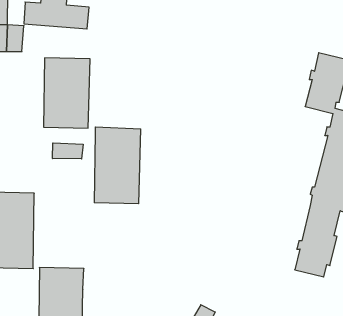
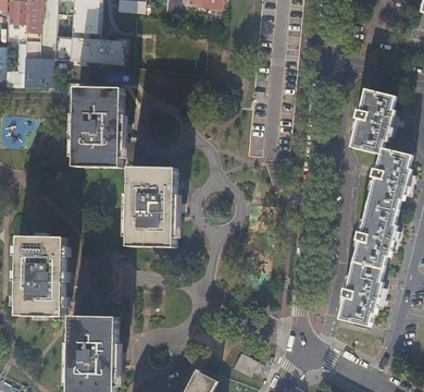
building: [53,143,83,159] -> none

